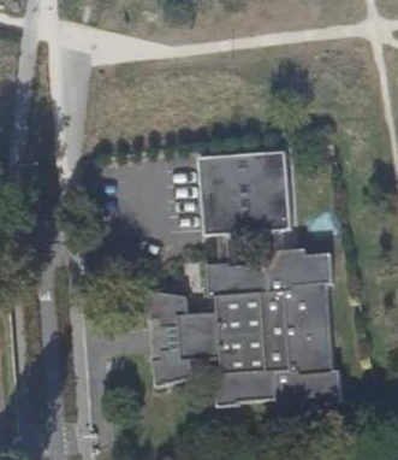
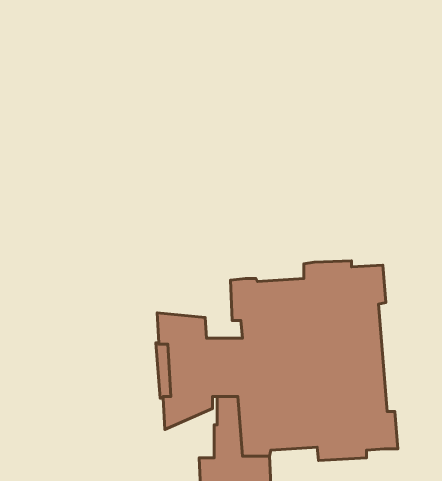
building: [202,149,292,261] -> none

